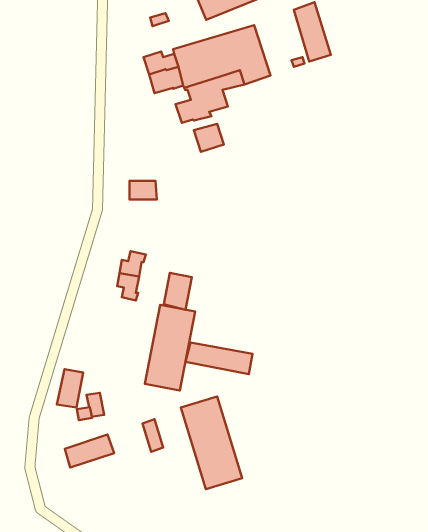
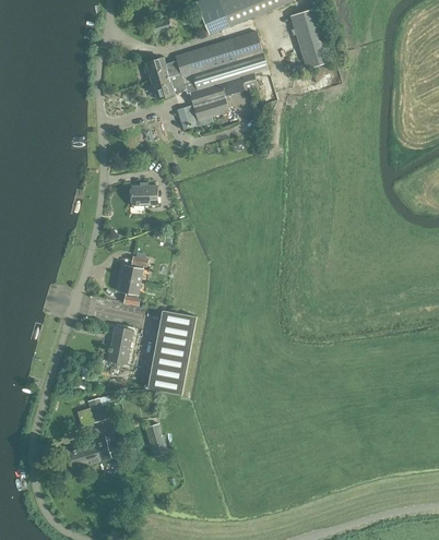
building: [194,124,224,152] -> none
building: [164,273,192,310] -> none
building: [185,343,252,374] -> none
building: [57,369,83,408] -> [106,325,132,363]
building: [181,397,242,489] -> none

